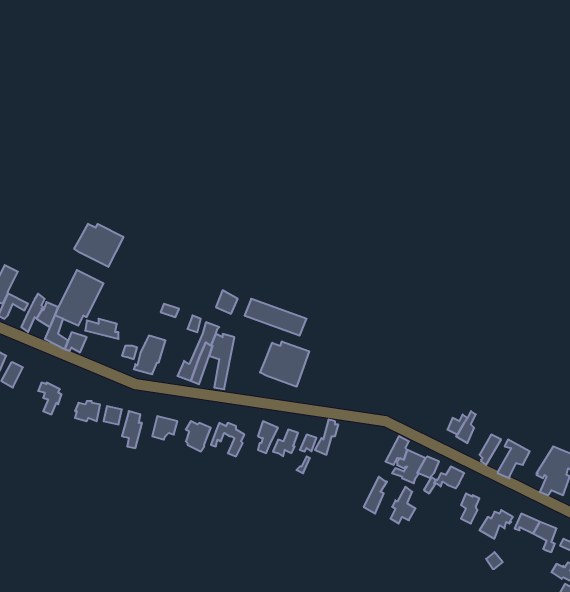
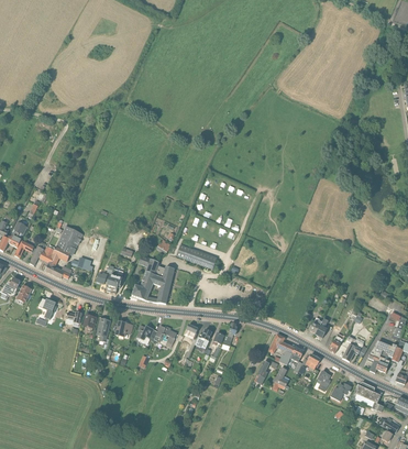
building: [74,224,123,267] -> none
building: [260,341,309,387] -> none

